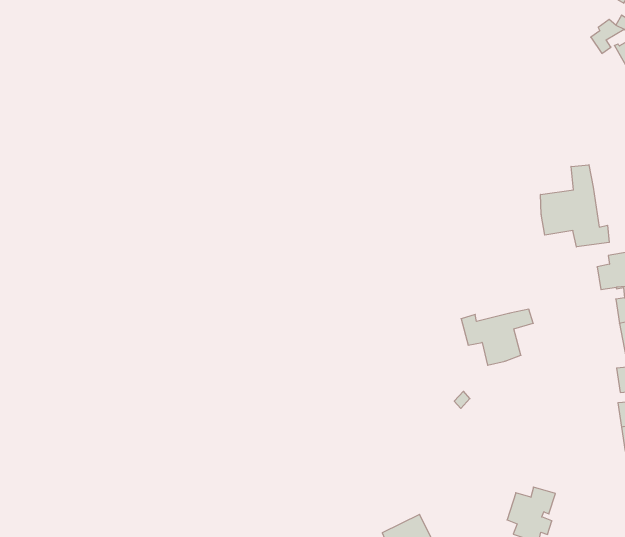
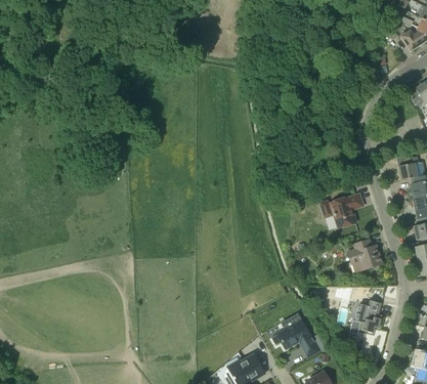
building: [541,165,609,247] -> none
building: none -> [347,239,382,271]

